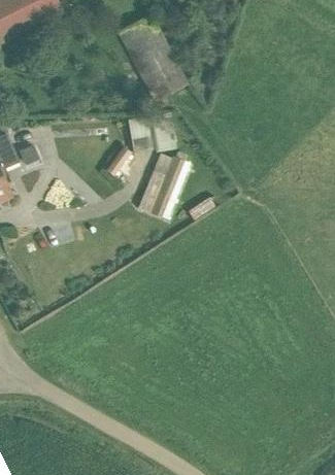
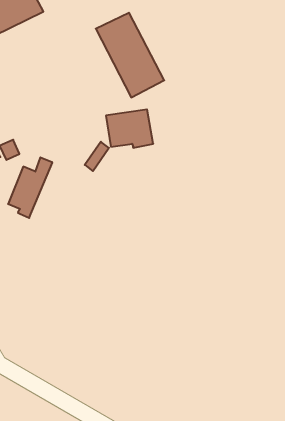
building: [139,156,185,217] -> [8,157,52,218]

